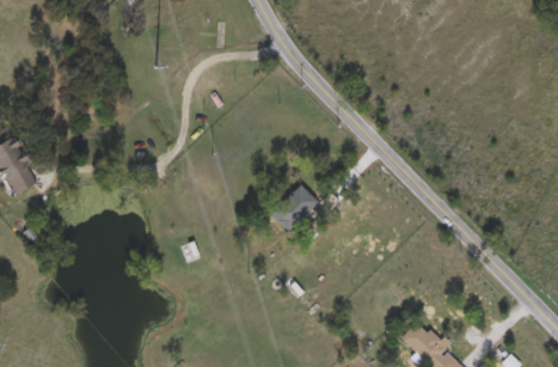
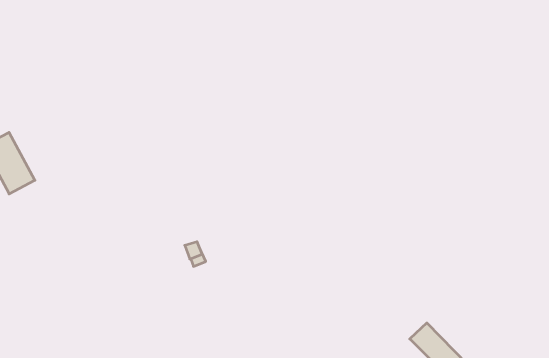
building: [272,184,321,232] -> none

